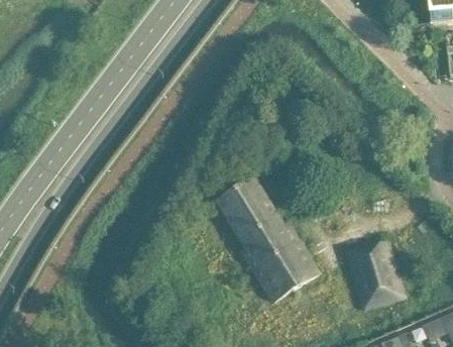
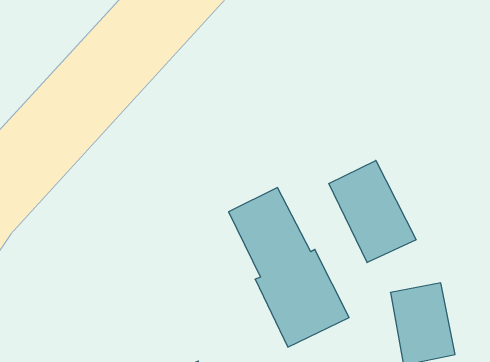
building: none -> [329,160,416,263]

